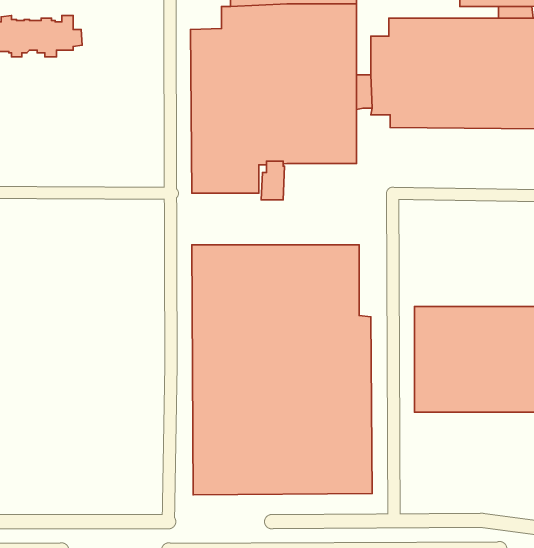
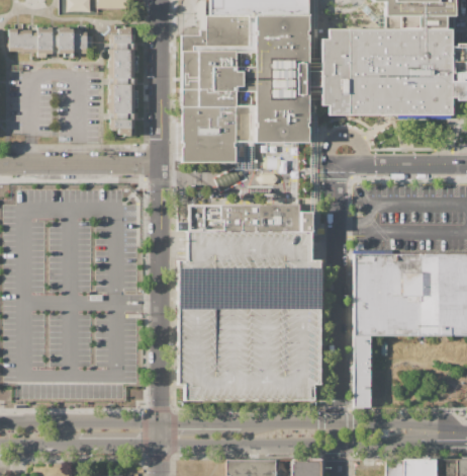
building: none -> [108,26,137,137]
building: none -> [354,336,371,405]

